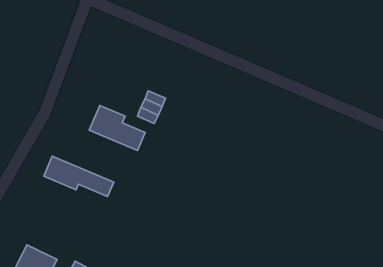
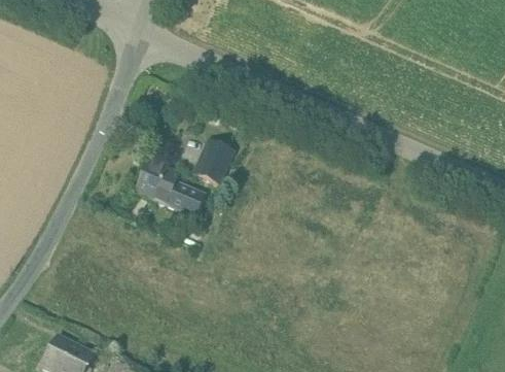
building: [44,156,114,197] -> none

